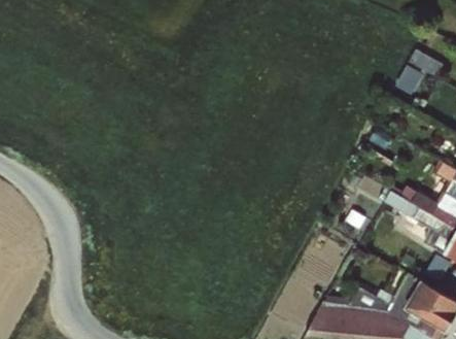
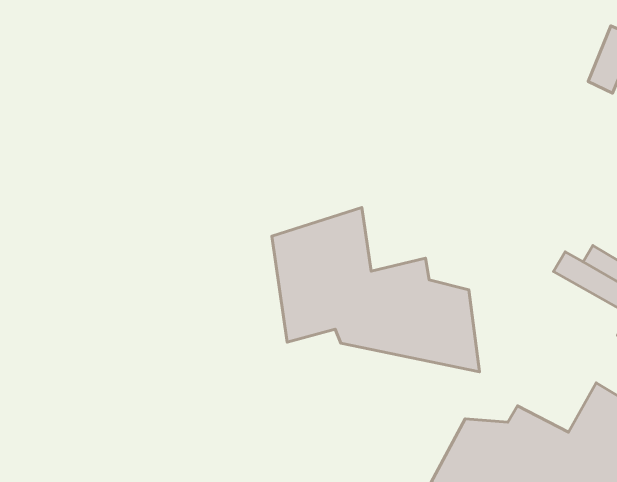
building: none -> [272,208,480,372]

